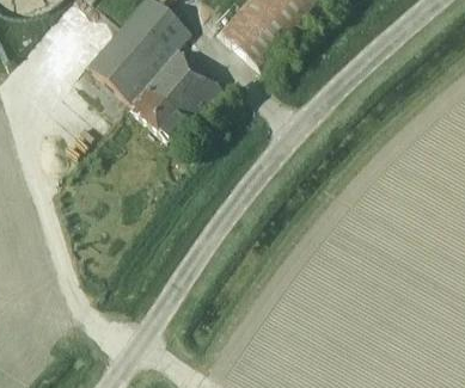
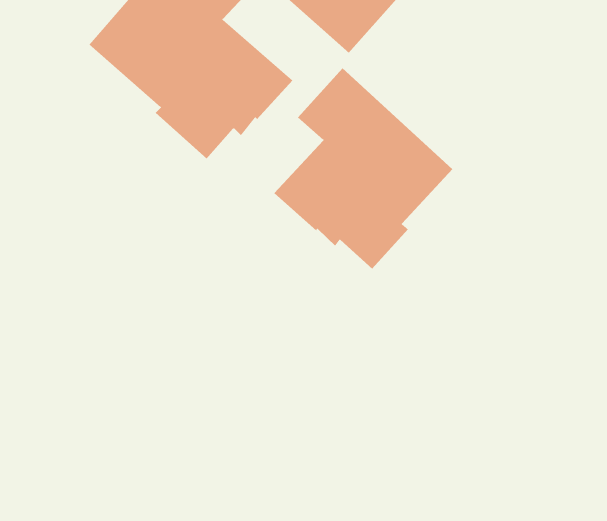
building: none -> [273,68,453,270]

